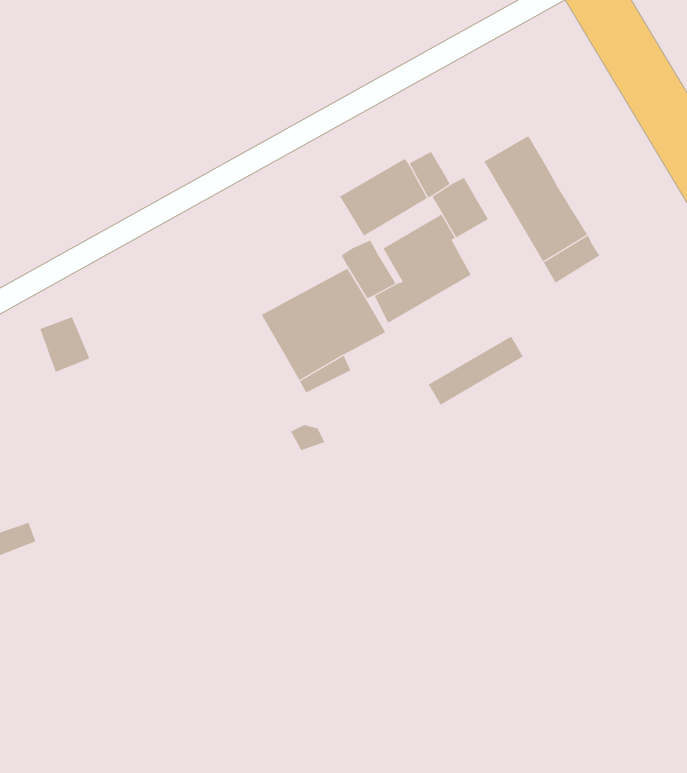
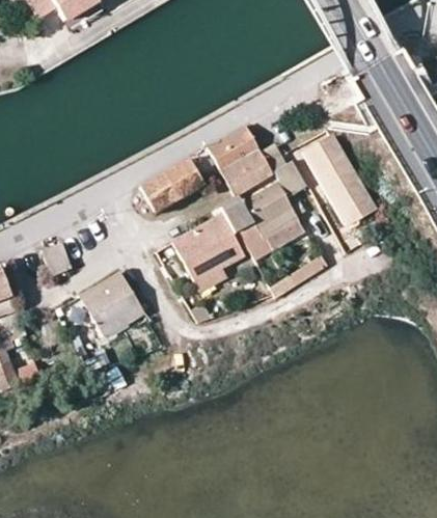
building: none -> [207,127,260,172]
building: none -> [140,159,204,213]
building: none -> [80,274,144,337]

